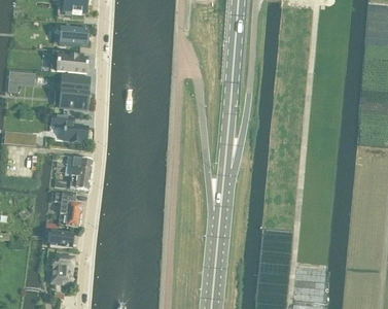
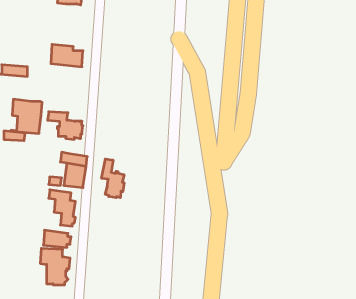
building: [59,26,89,44] -> none
building: [60,74,90,107] -> [11,99,42,133]
building: none -> [102,159,124,198]

